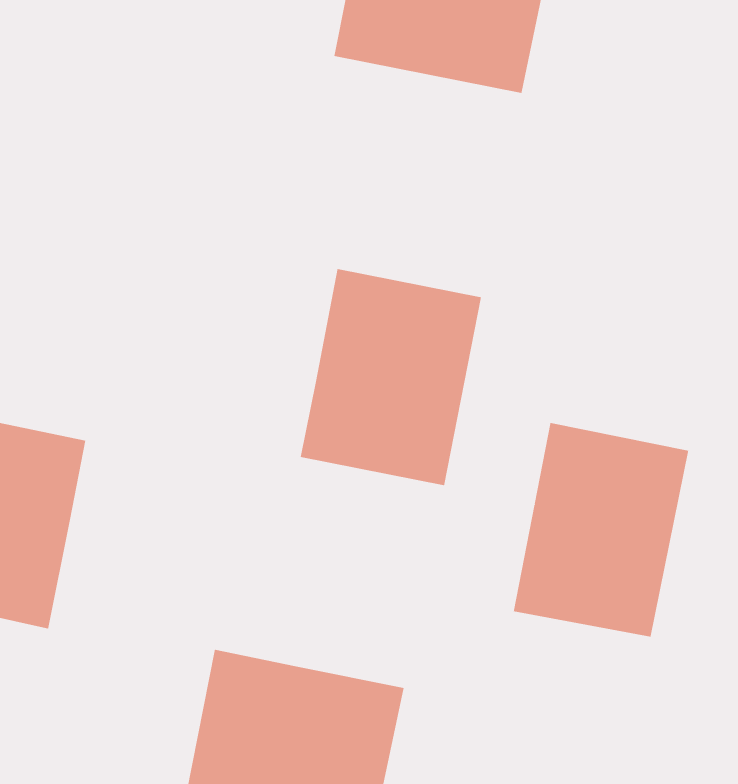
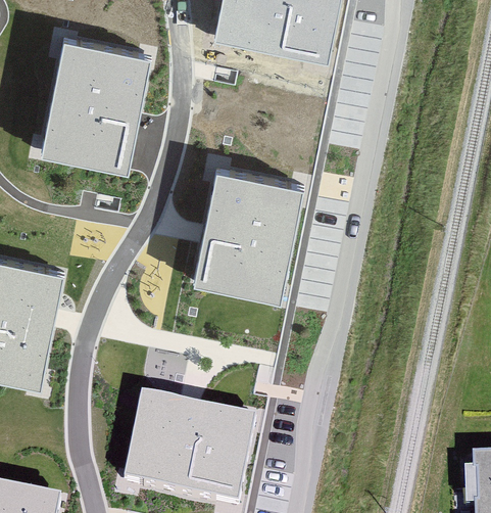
building: none -> [40,36,151,168]
building: [513,422,689,638] -> none

